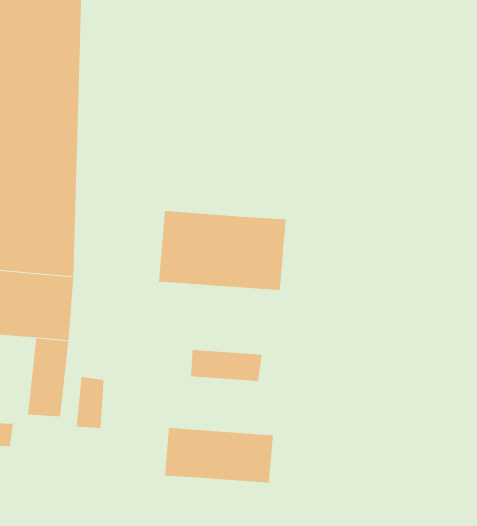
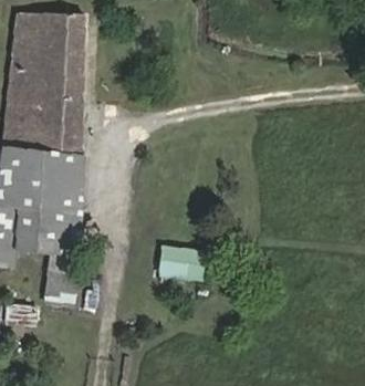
building: [158,210,286,291] -> none
building: [164,427,273,484] -> none

